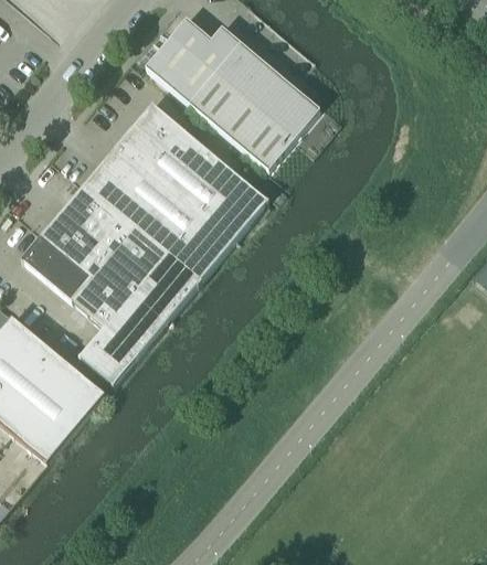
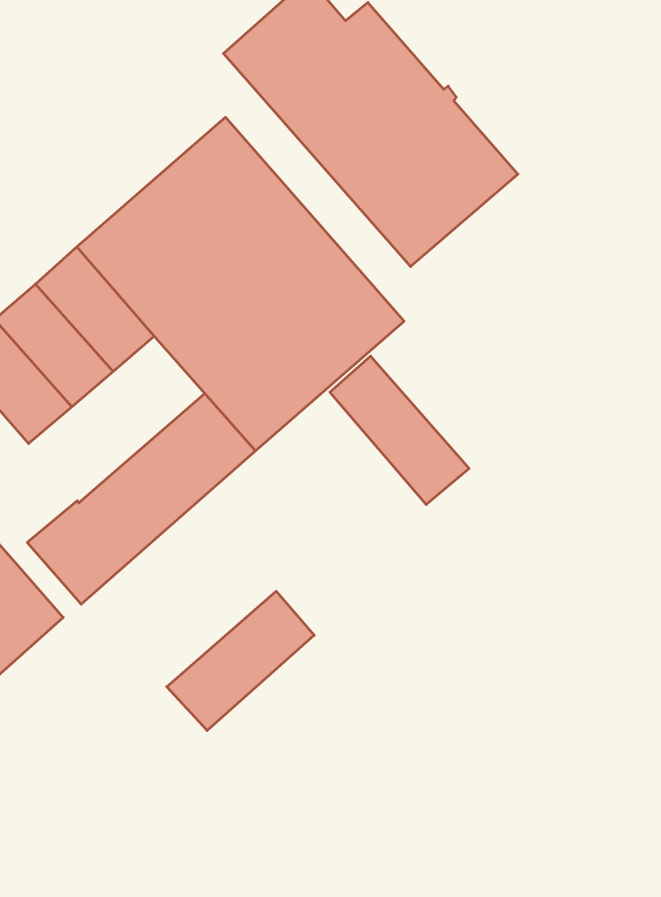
building: none -> [330,356,469,505]
building: [71,231,165,330] -> none
building: none -> [167,591,314,731]

